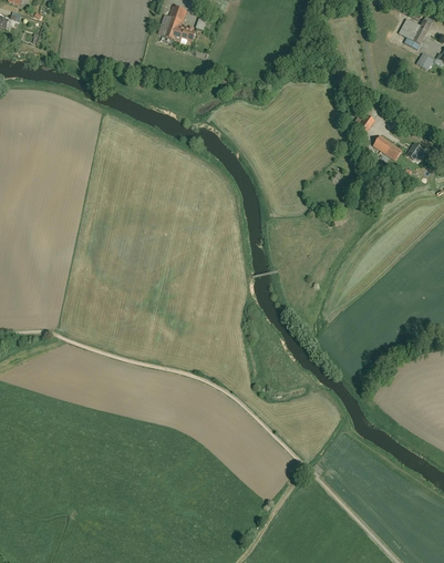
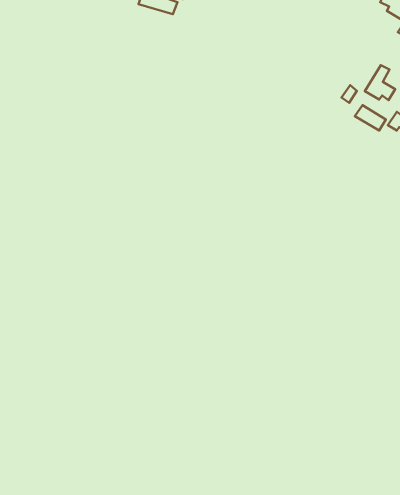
building: none -> [365,65,395,100]

